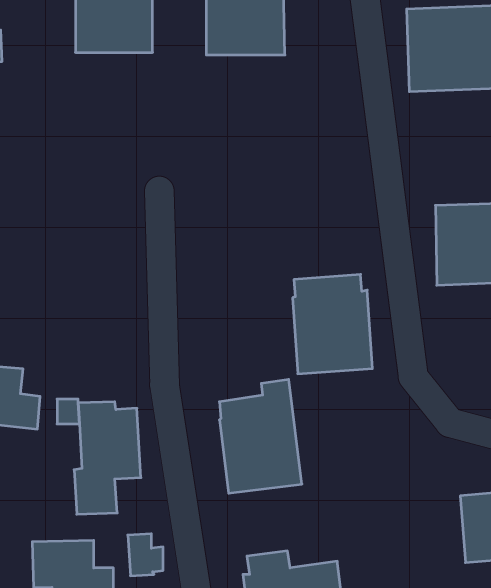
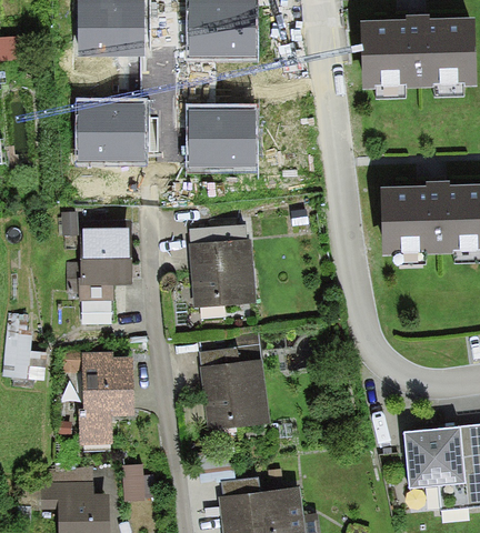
building: none -> [77,103,143,159]
building: none -> [187,109,253,168]
building: none -> [66,223,131,300]
building: [293,274,372,374] -> [188,224,256,309]

